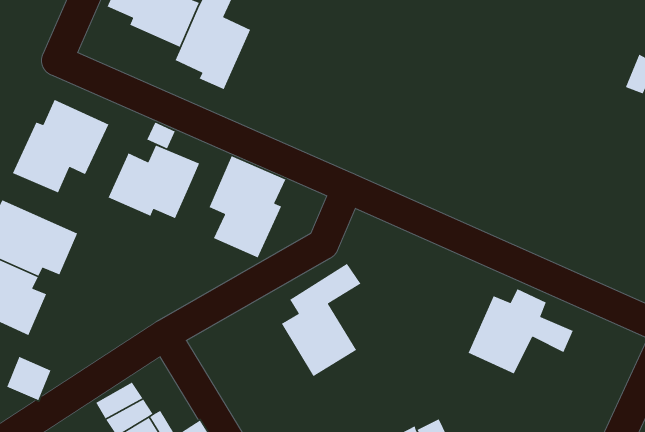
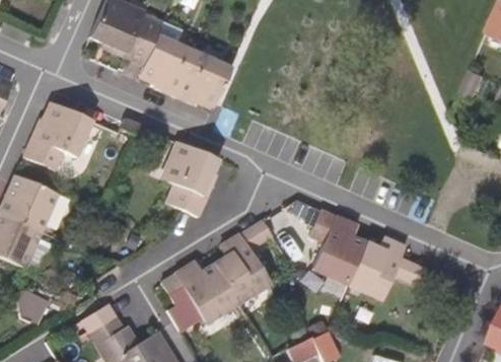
building: none -> [173,52,230,108]
building: [108,145,200,219] -> none
building: none -> [310,209,366,284]
building: none -> [161,261,237,321]

